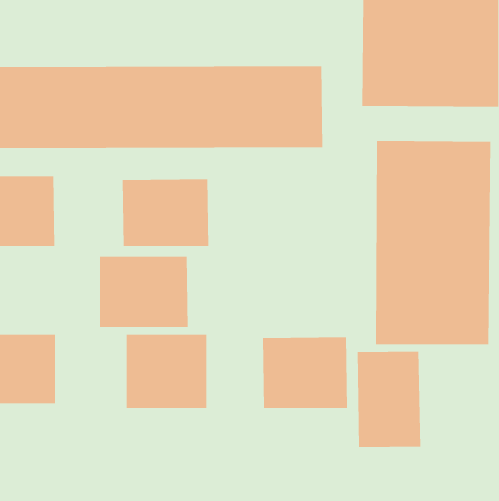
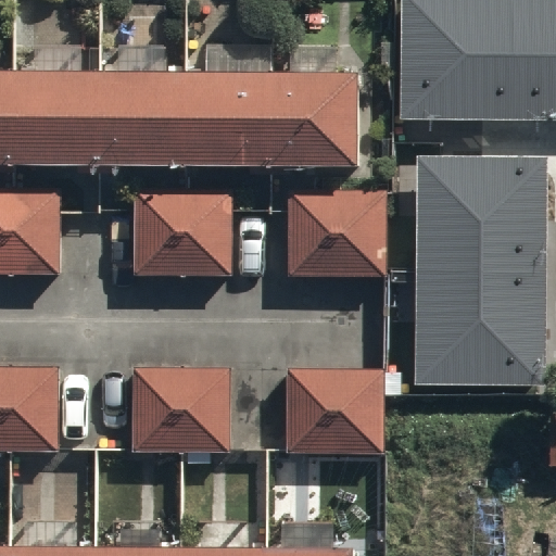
building: none -> [294,197,382,271]
building: [99,256,188,328] -> none
building: [357,351,421,448] -> none

